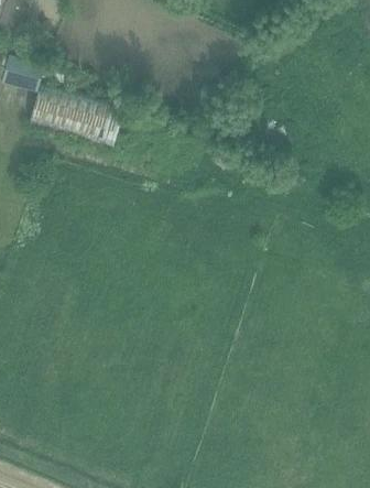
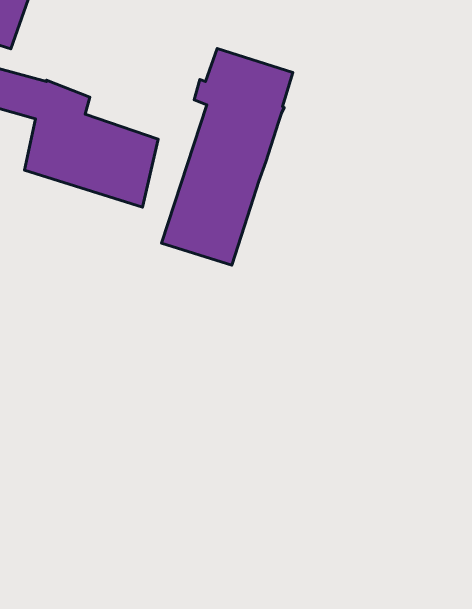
building: none -> [162,48,293,265]

